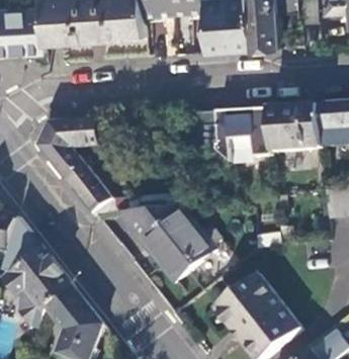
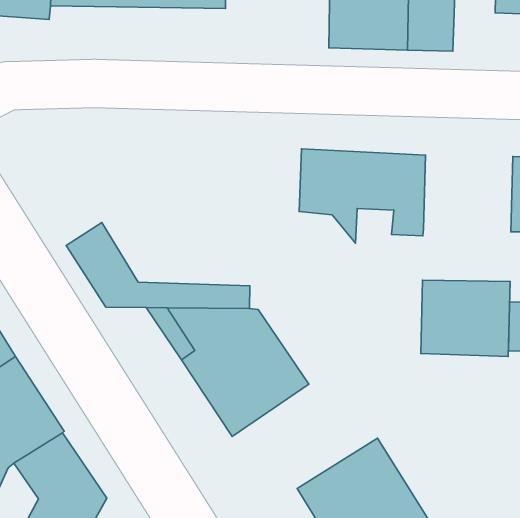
building: [269,105,323,152] -> [421,280,510,357]
building: [39,120,98,181] -> none

